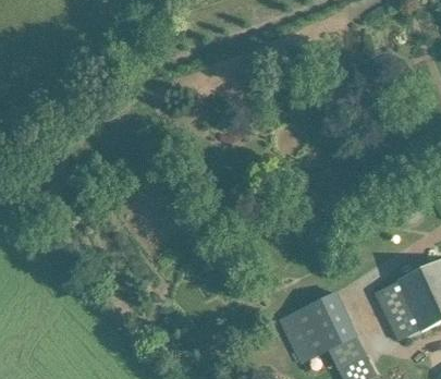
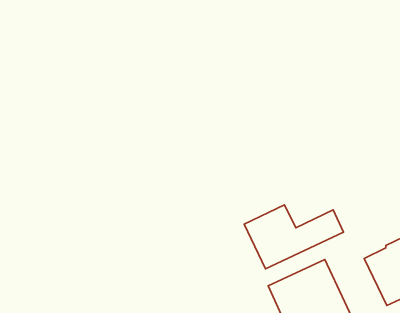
building: none -> [244,205,344,269]

